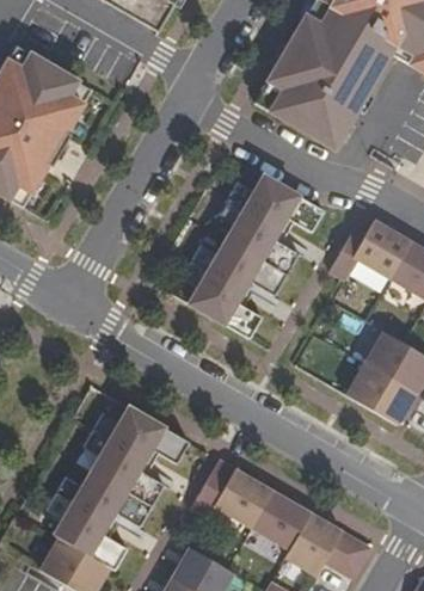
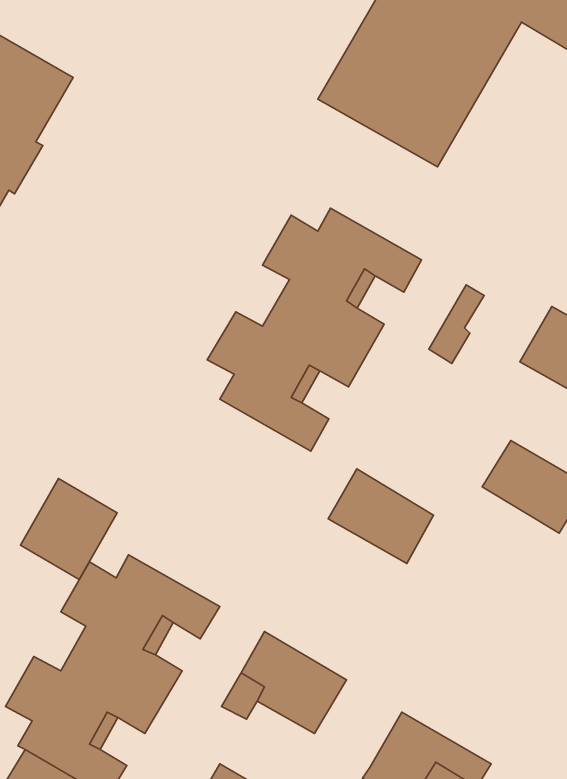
building: [352,220,411,278] -> none
building: none -> [20,478,117,580]
building: [345,362,416,425] -> [328,469,434,564]
building: [252,491,311,549] -> none

